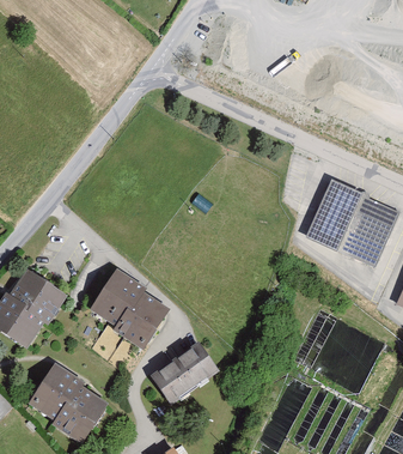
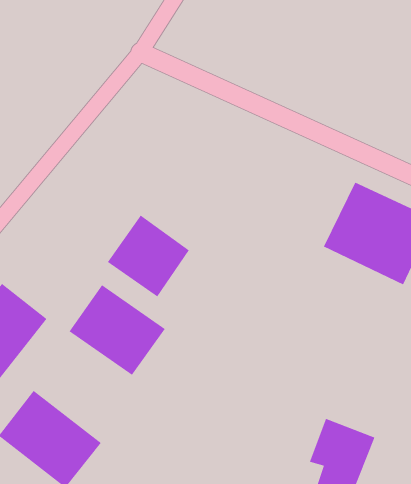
building: none -> [107,214,190,297]
building: [149,345,215,402] -> none

